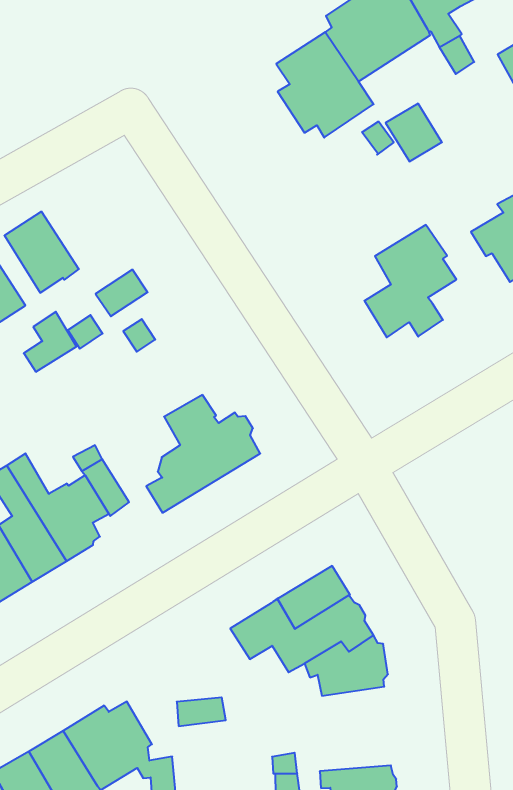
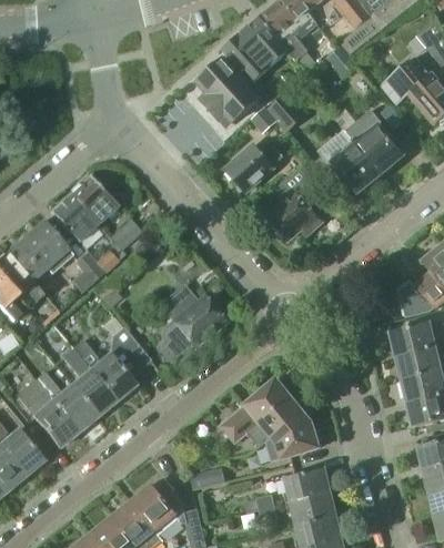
building: none -> [225,143,284,192]
building: none -> [70,174,118,223]
building: none -> [285,468,330,503]

